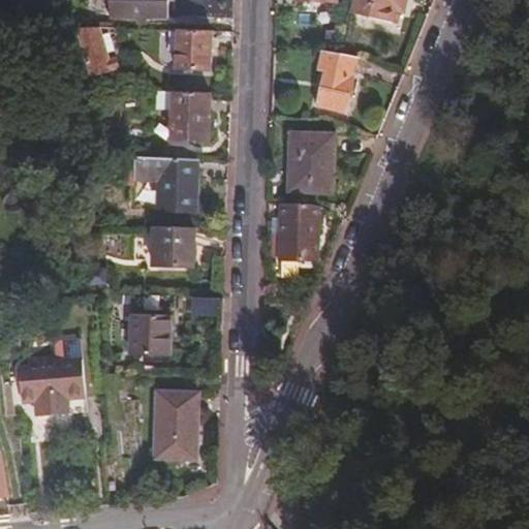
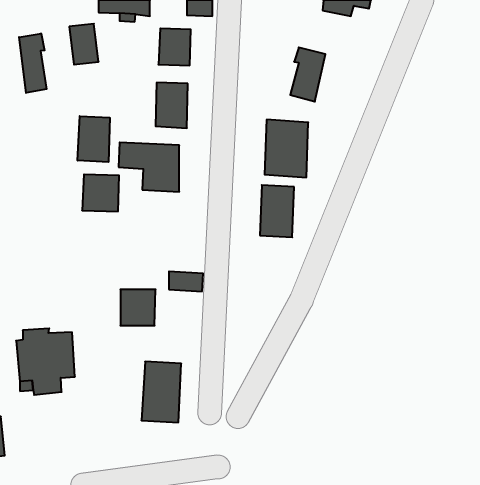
building: none -> [19,33,47,93]
building: none -> [78,116,110,162]
building: [153,225,193,266] -> [82,174,119,211]

